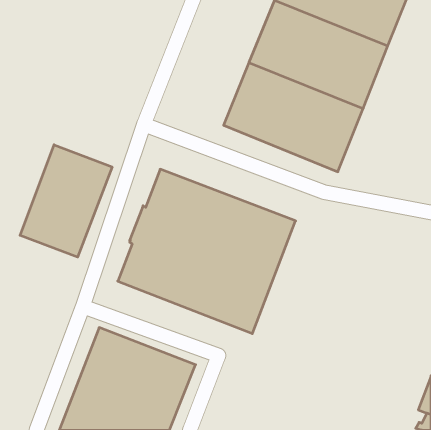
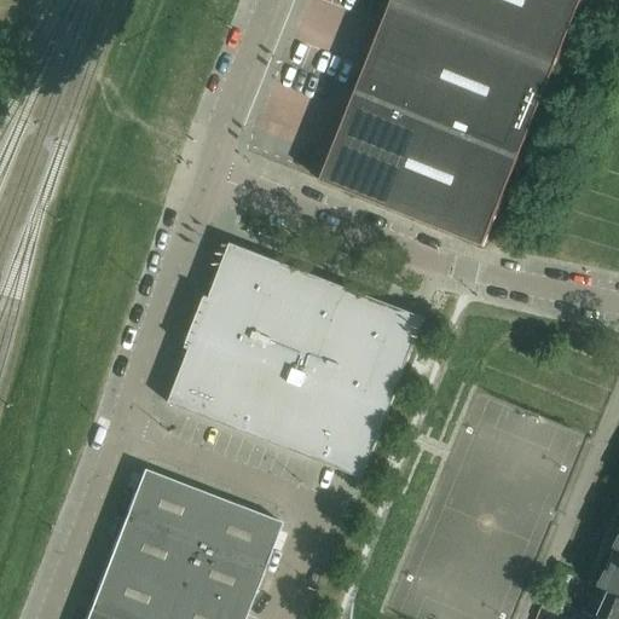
building: [20,145,112,257] -> none

